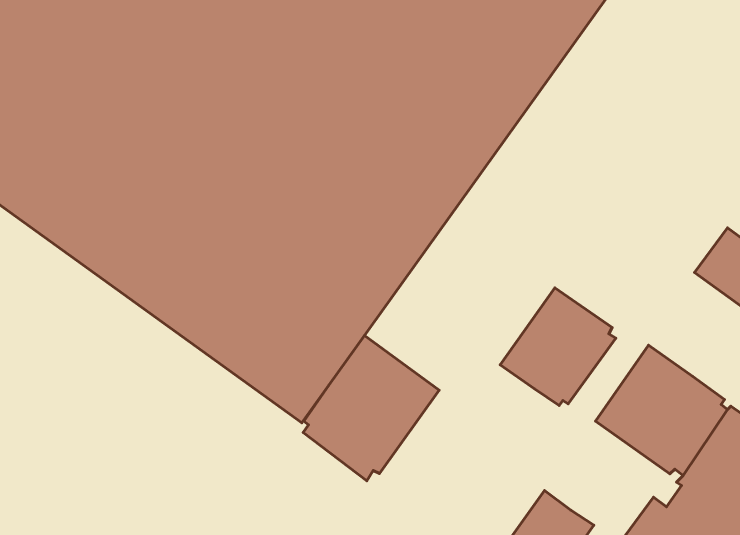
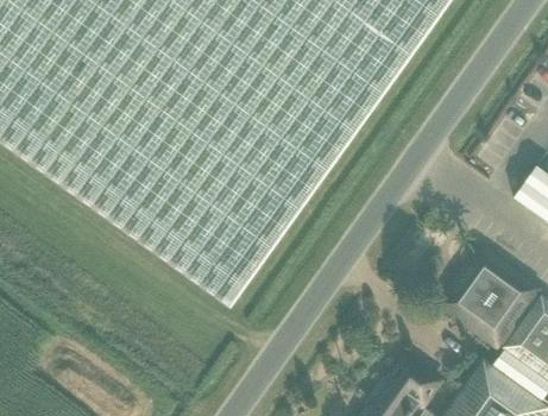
building: [500,288,616,405] -> none
building: [303,335,439,481] -> none

